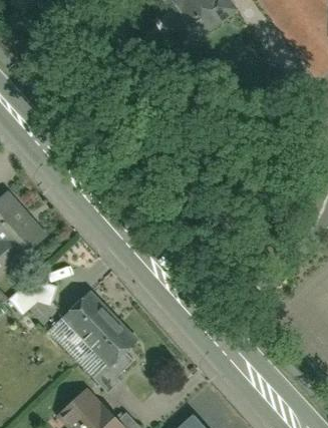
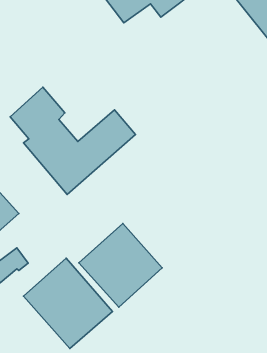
building: none -> [10,87,135,194]
building: none -> [79,223,162,307]

